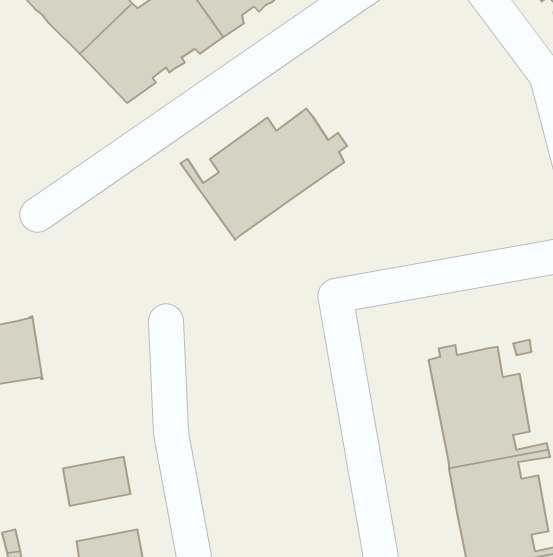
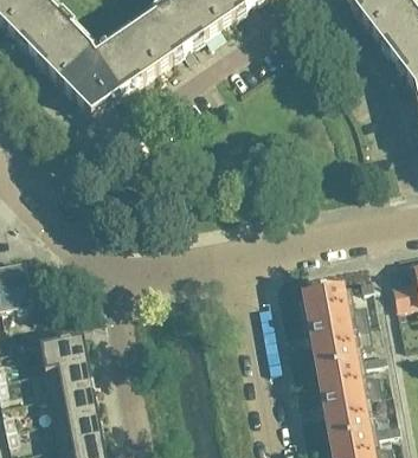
building: [180,108,347,240] -> none
building: none -> [39,335,88,369]
building: none -> [50,387,97,420]

